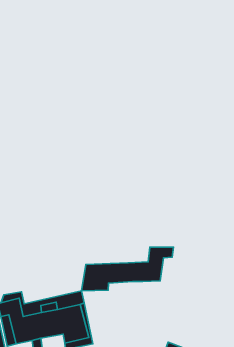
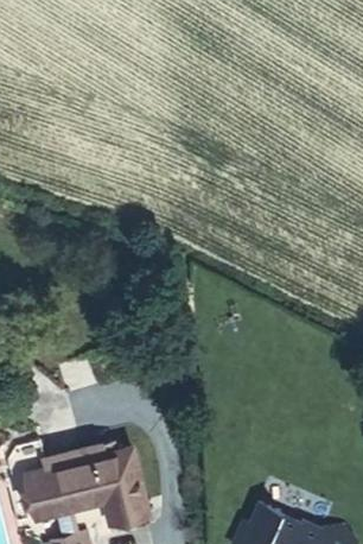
building: [82,247,174,291] -> none

